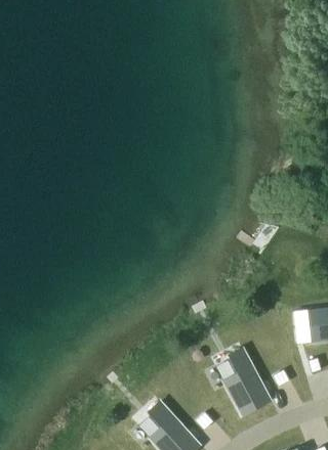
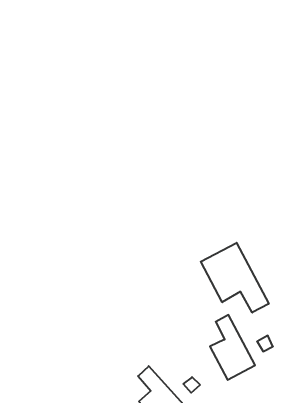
building: none -> [201,243,269,313]

